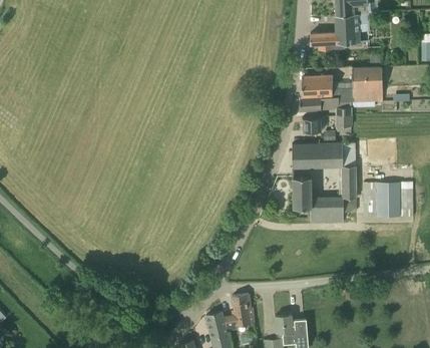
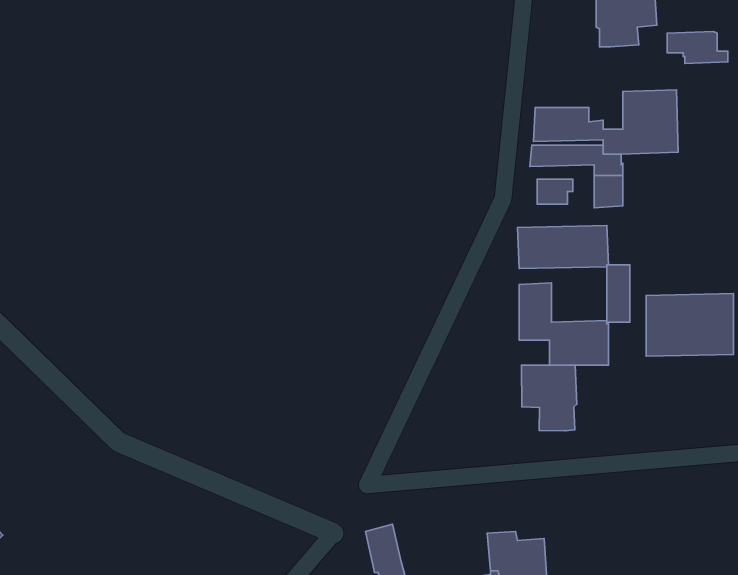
building: [310,32,344,50] -> [667,31,728,64]
building: none -> [522,365,577,431]
building: [224,294,255,332] -> none

